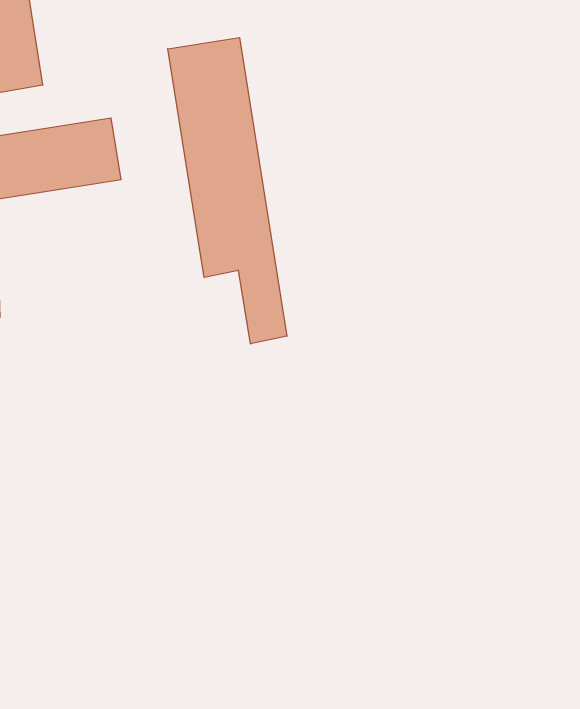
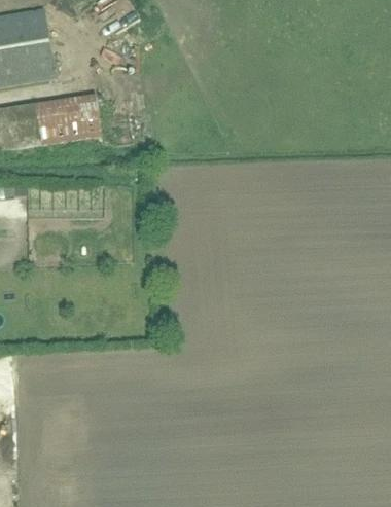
building: [168,38,287,344] -> none

